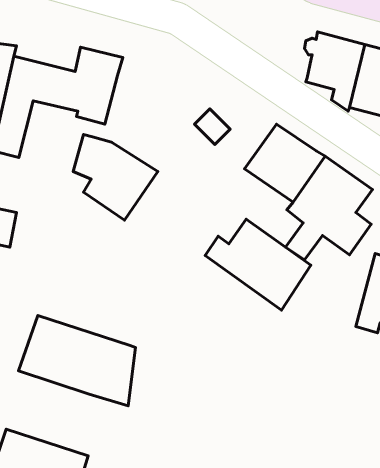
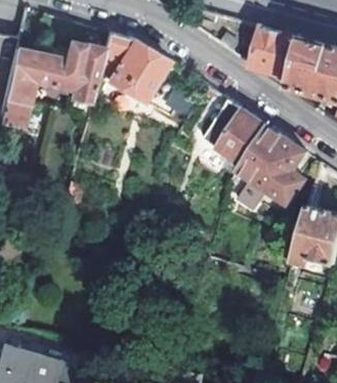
building: [73,134,158,220] -> [100,33,168,101]
building: [205,219,311,310] -> none
building: [18,315,136,406] -> none

